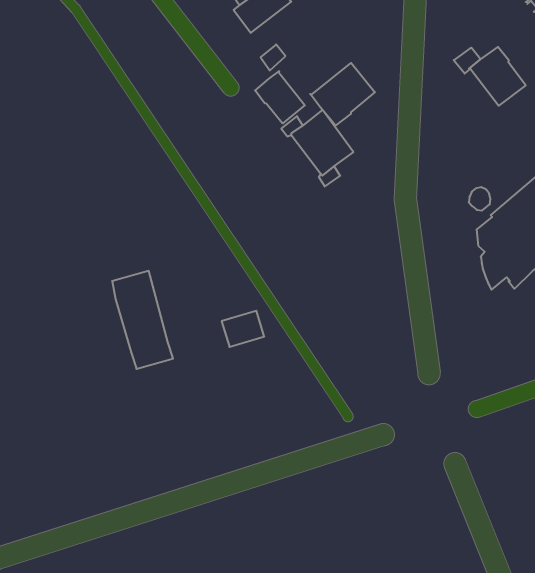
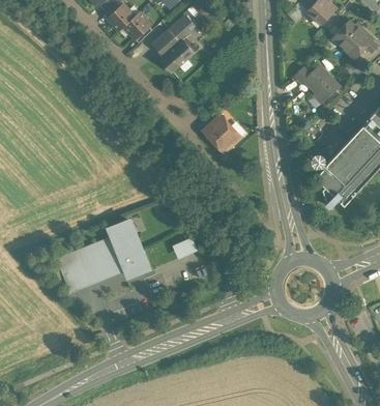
building: [310,63,375,125] -> none
building: [255,71,305,123] -> none
building: none -> [56,237,124,291]

